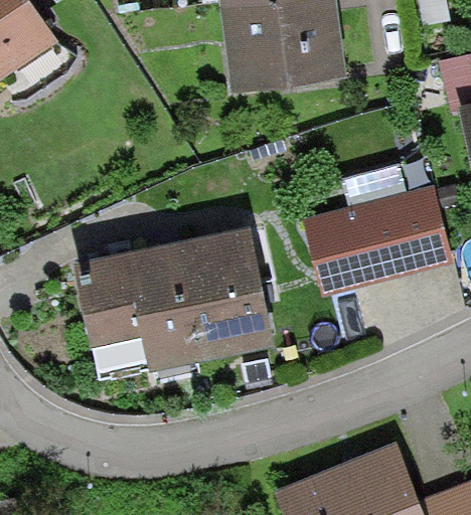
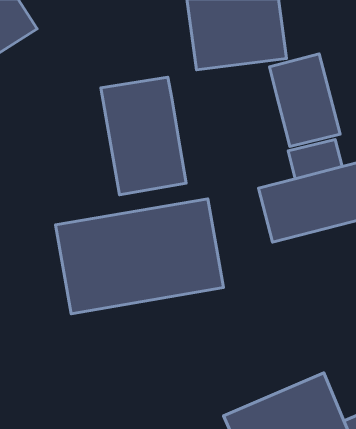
building: none -> [269,54,340,147]
building: none -> [101,77,186,195]

